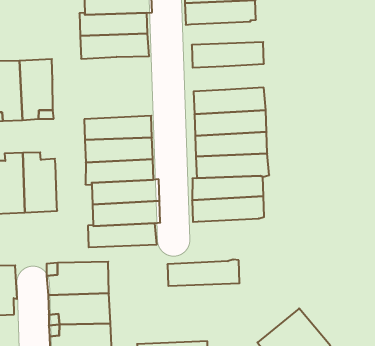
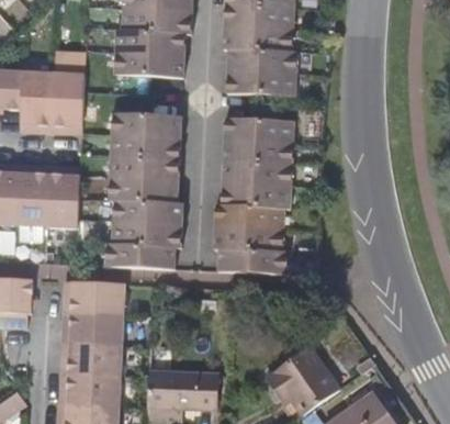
building: none -> [227,49,301,74]
building: none -> [112,112,181,138]
building: [167,260,240,286] -> [217,249,291,275]

